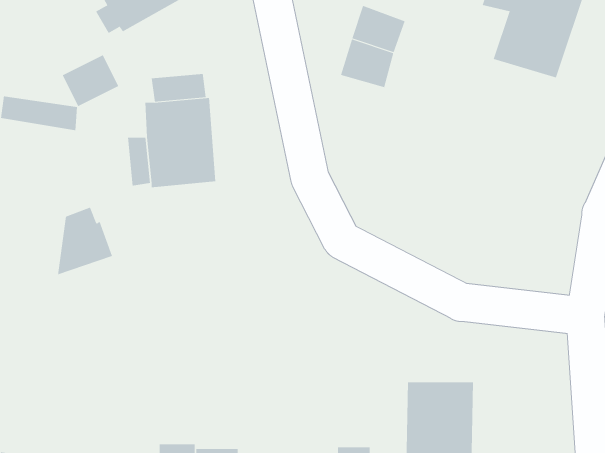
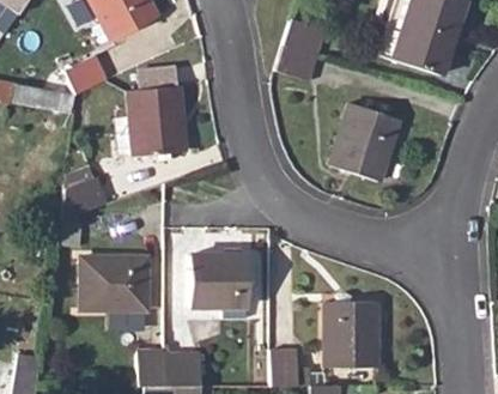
building: none -> [329,101,397,177]
building: none -> [190,254,245,305]
building: none -> [83,261,148,310]

